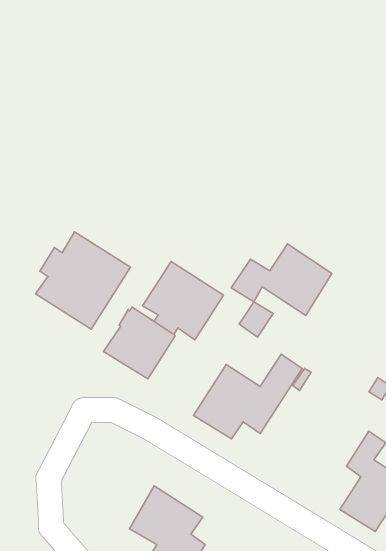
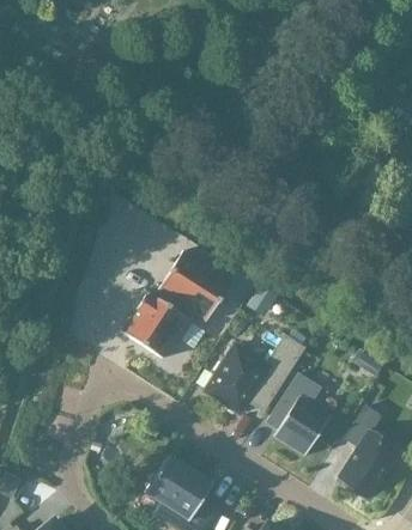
building: [35,232,130,329] -> none
building: [231,244,332,315] -> none
building: none -> [266,373,329,456]

